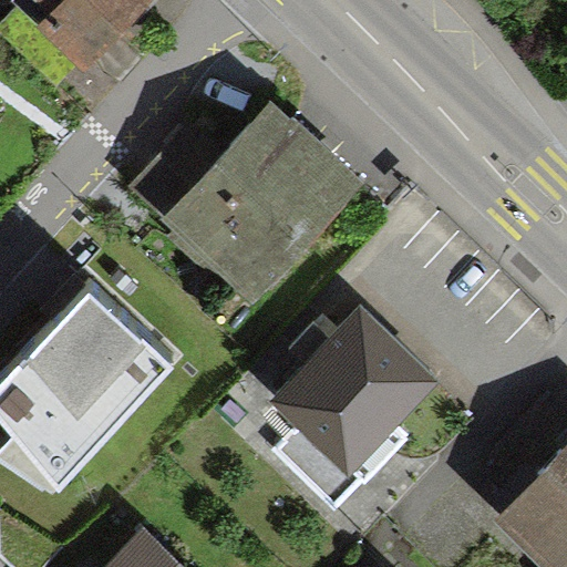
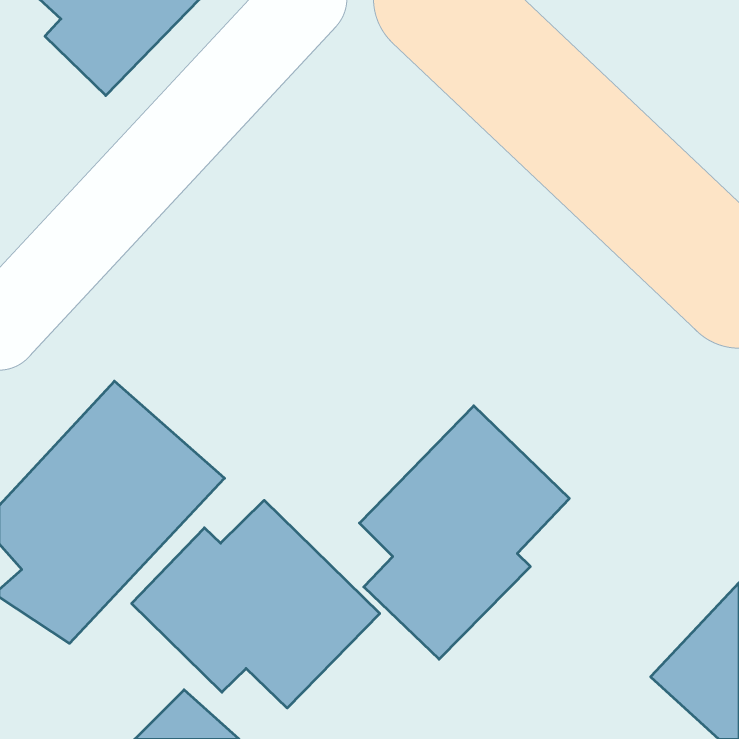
building: [130,99,365,308] -> none
building: none -> [132,500,380,708]

